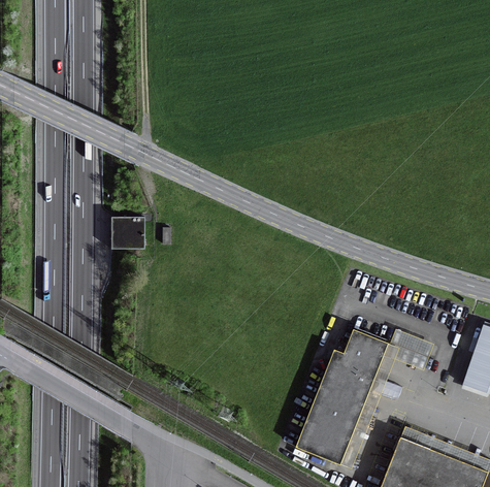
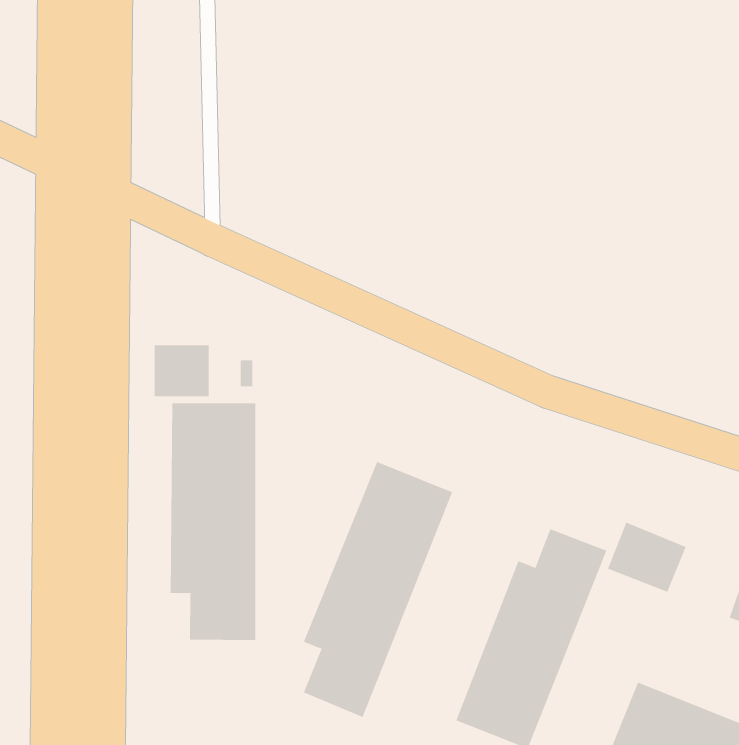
building: none -> [170,402,256,641]
building: none -> [303,461,453,718]

